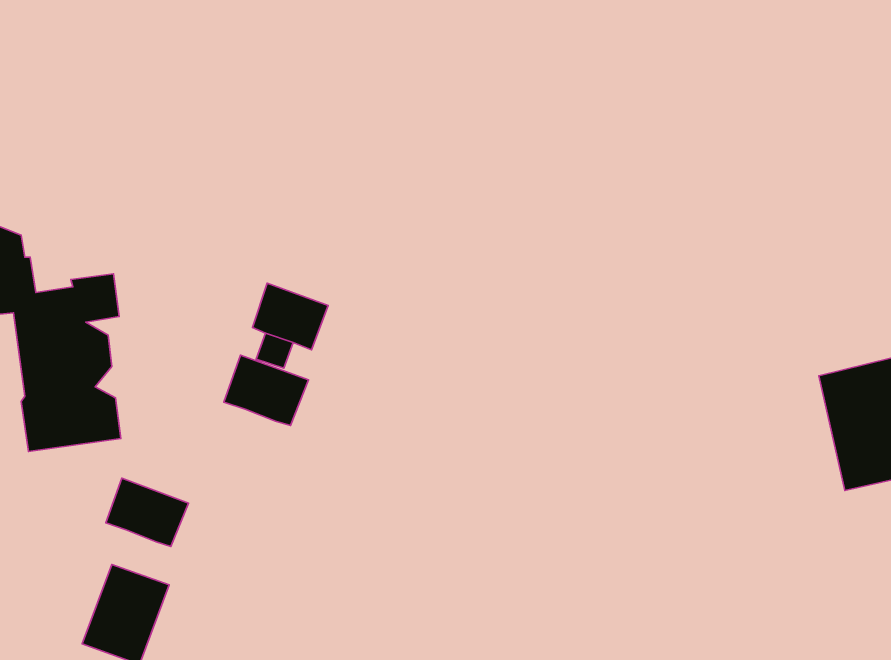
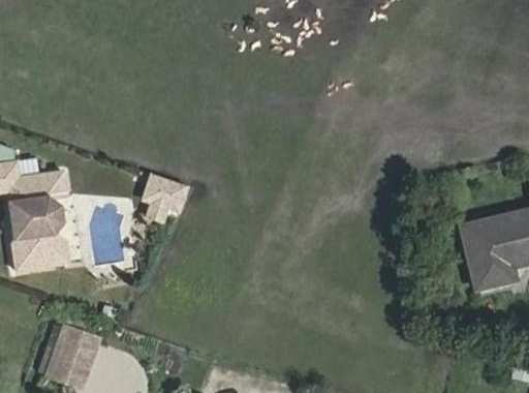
building: [224,355,309,426] -> none
building: [106,478,188,546] -> none

